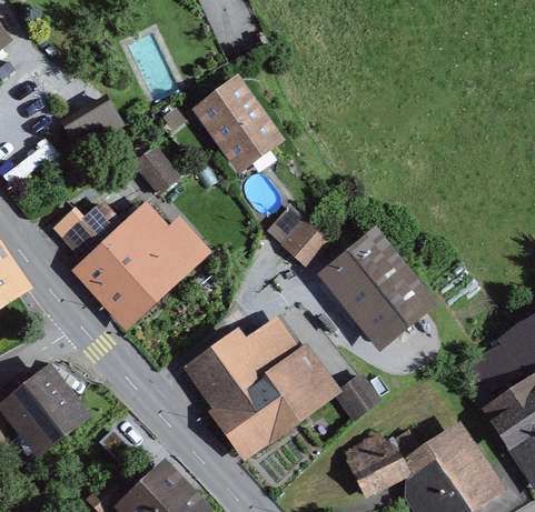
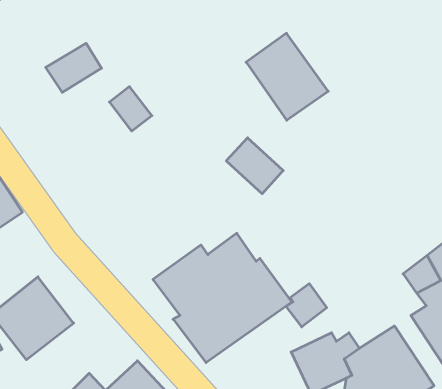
building: [191,74,286,174] -> [246,33,328,120]
building: [61,200,215,332] -> none
building: [318,227,437,351] -> none

